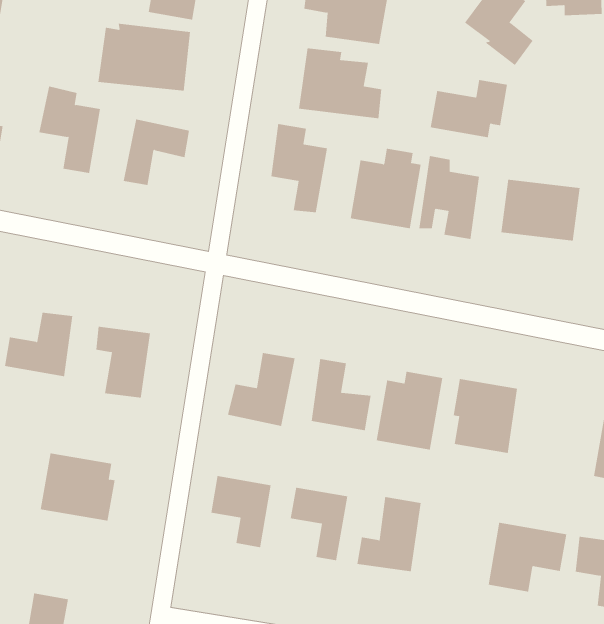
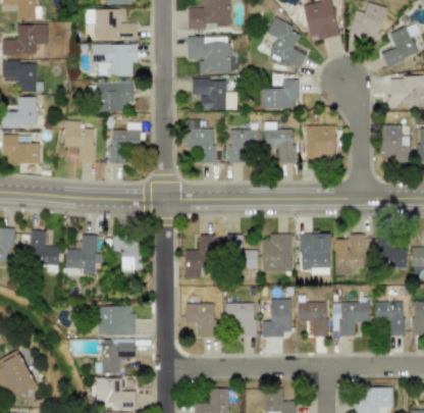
building: none -> [335,235,370,274]
building: none -> [299,301,329,334]
building: none -> [104,340,136,373]

